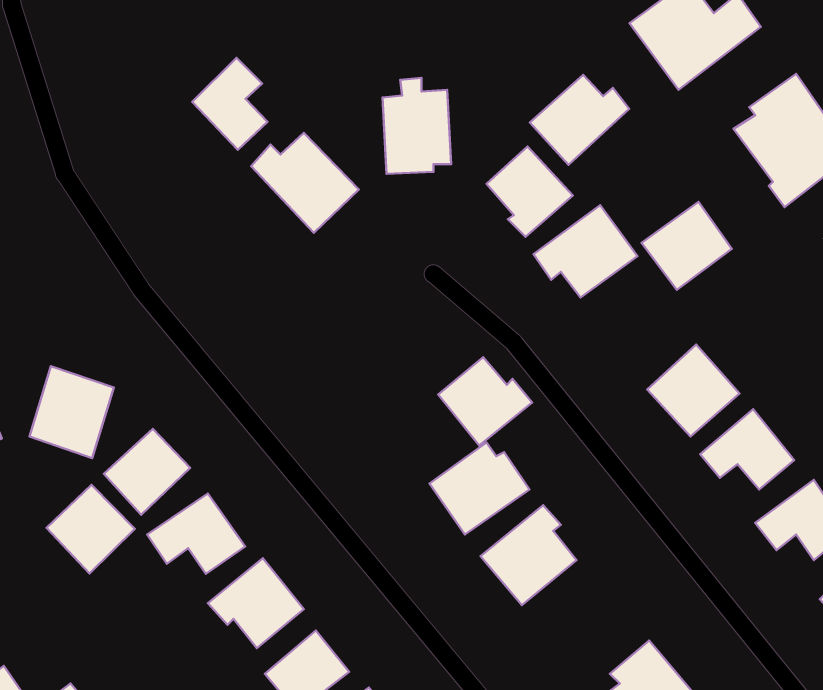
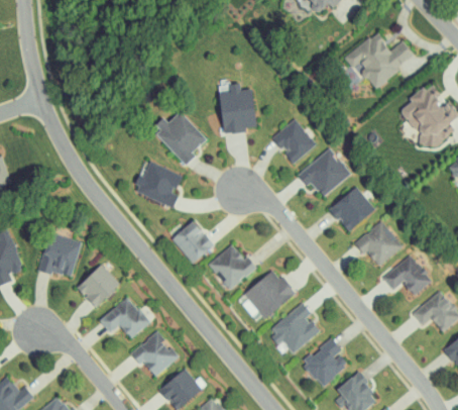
building: [192,58,267,150] -> none
building: [530,75,629,165] -> none
building: [642,202,732,290] -> [328,186,374,231]
building: none -> [133,161,182,208]
building: none -> [173,220,213,263]
building: [438,357,532,446] -> [208,244,256,290]
building: [47,485,135,574] -> none
building: none -> [301,337,347,387]

